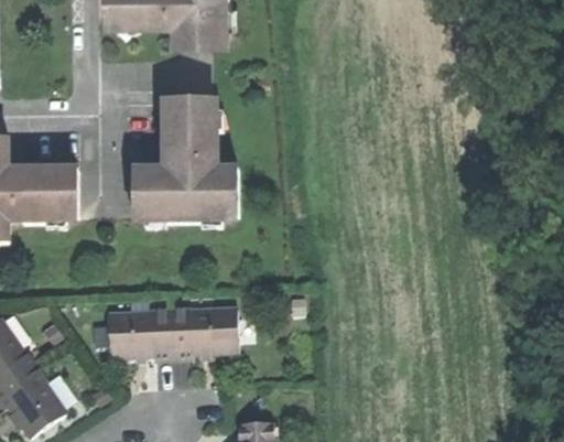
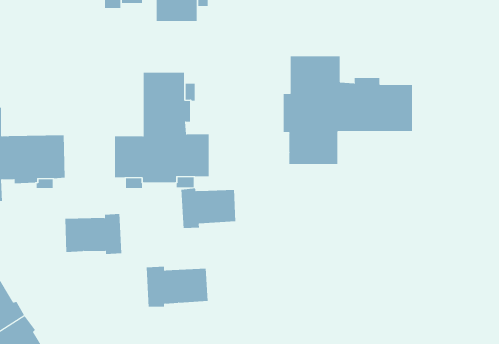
building: none -> [283,56,413,165]
building: none -> [181,188,236,229]
building: [105,311,169,356] -> [65,214,122,254]

